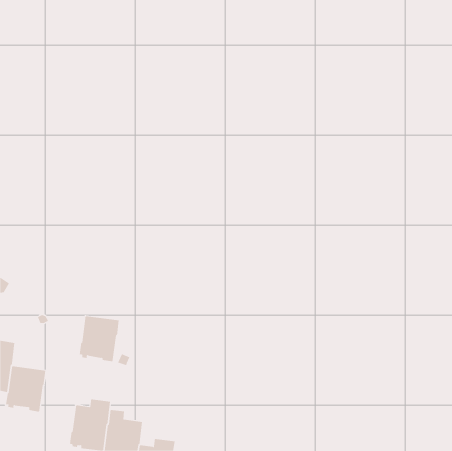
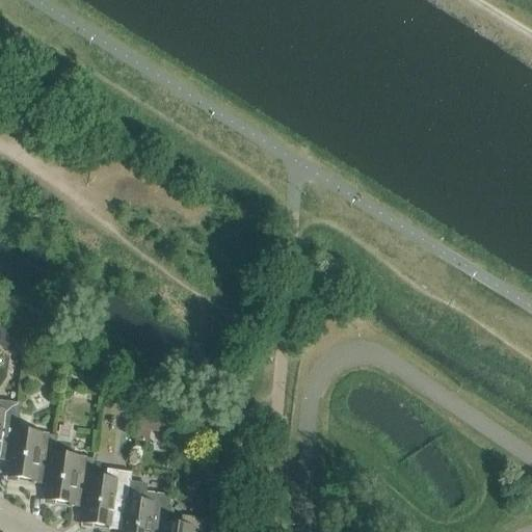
building: [79,316,119,362] -> [44,452,91,506]

